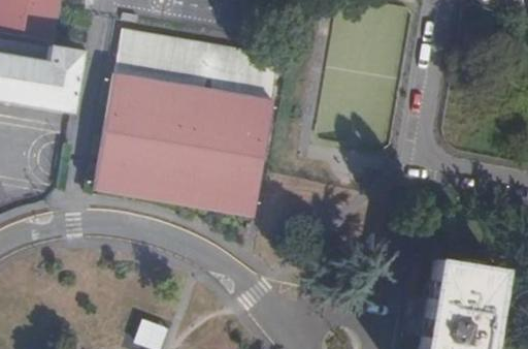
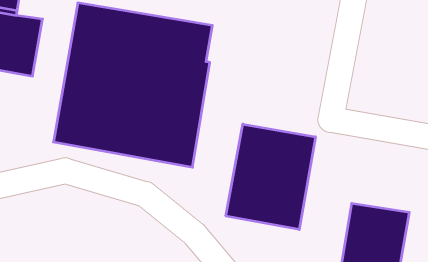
building: none -> [226,124,315,230]

